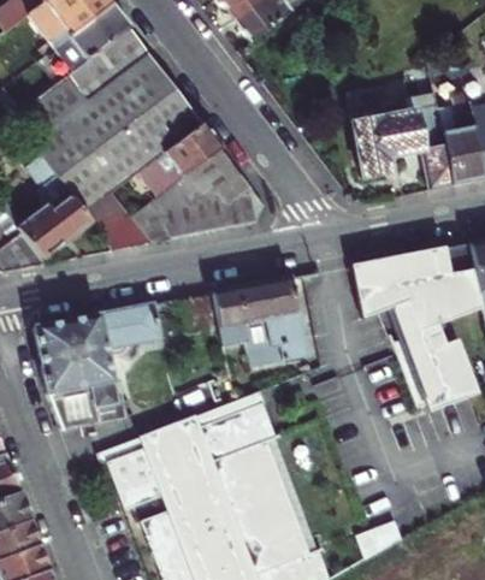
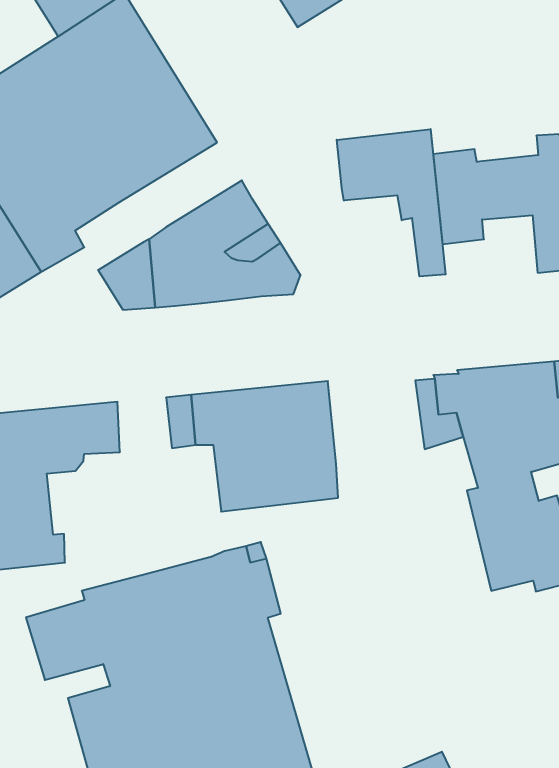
building: none -> [337,129,446,276]
building: [141,123,223,195] -> none
building: [93,202,150,249] -> none

